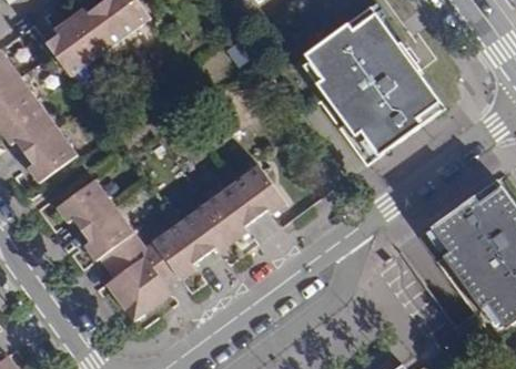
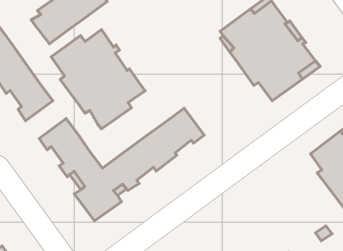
building: none -> [51,30,145,129]

